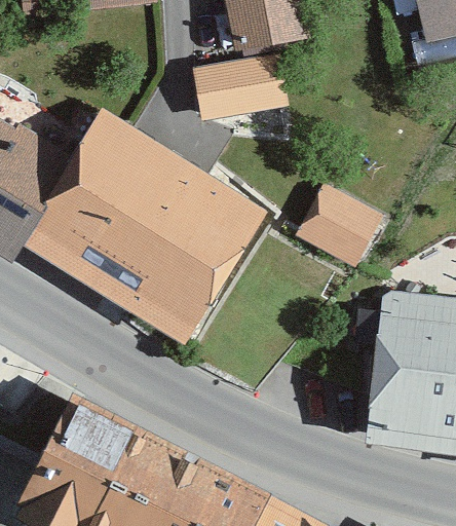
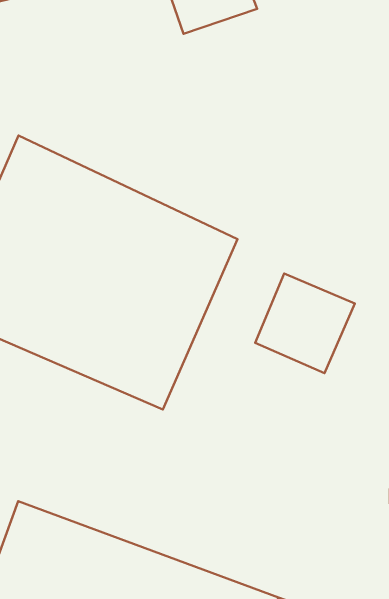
building: [194,57,286,116] -> none
building: [299,179,383,263] -> [255,273,355,373]

